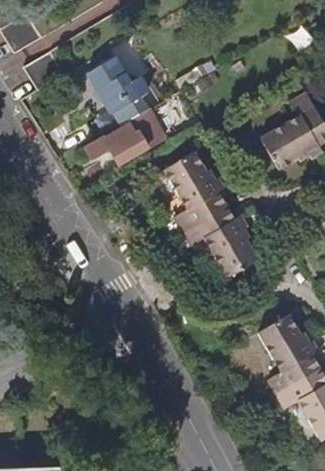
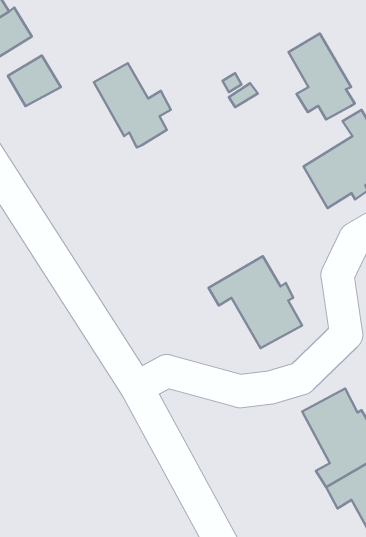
building: none -> [288,34,355,119]
building: [90,108,170,164] -> none
building: [165,154,228,233] -> none

